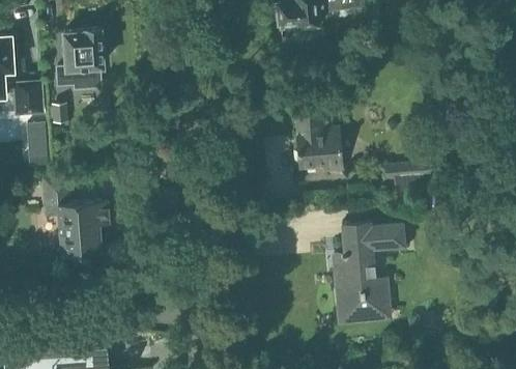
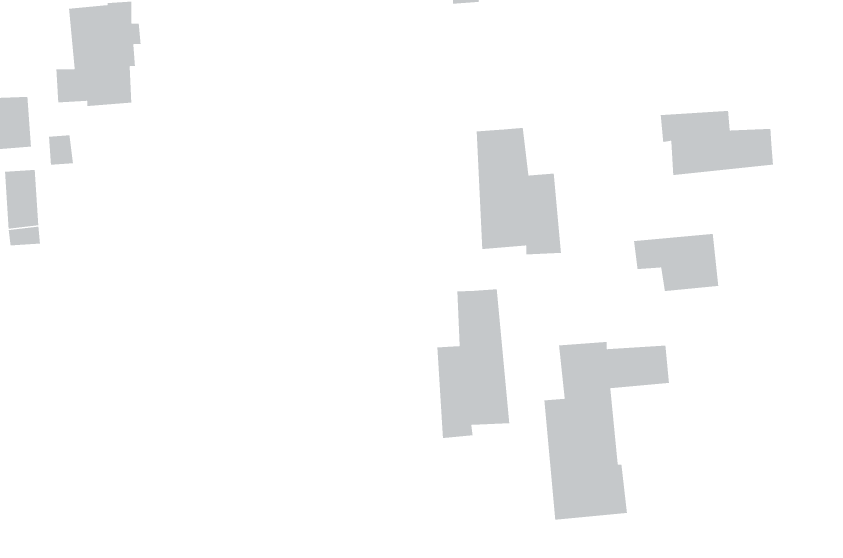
building: none -> [660,110,774,176]
building: [45,177,111,264] -> none
building: none -> [437,289,510,439]

